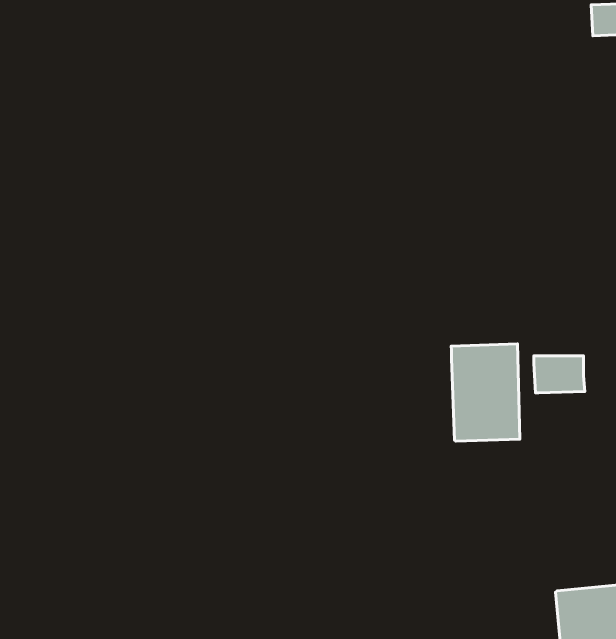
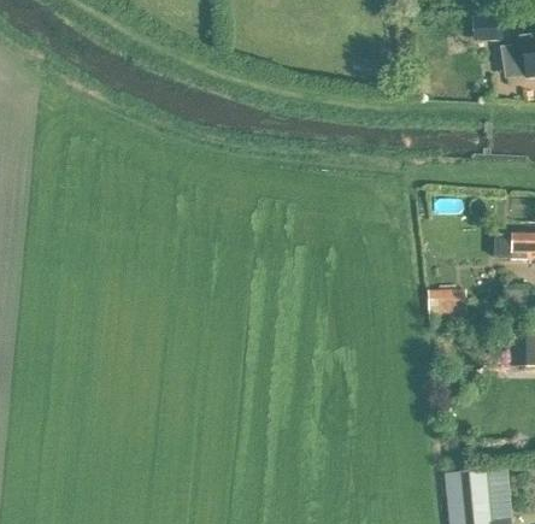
building: [451,344,520,441] -> none

